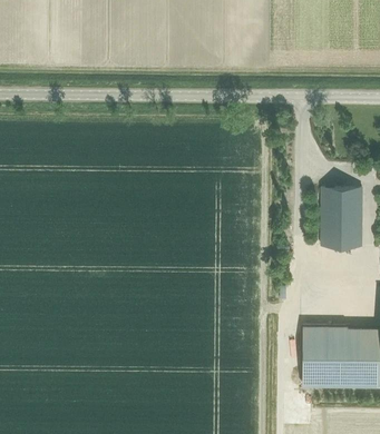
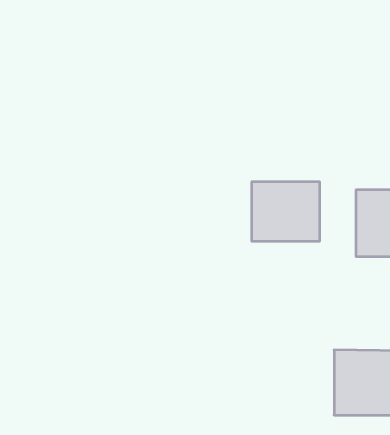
building: none -> [252,182,319,241]

